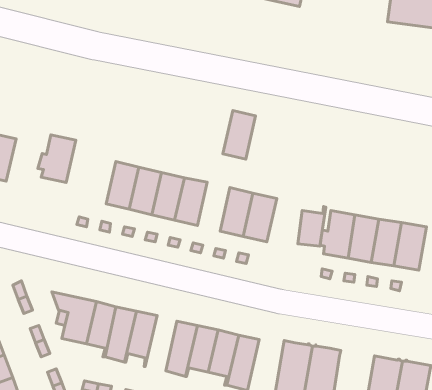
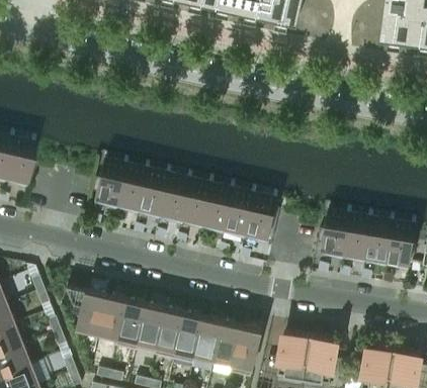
building: [223,110,256,159] -> [203,183,234,228]
building: [38,135,76,183] -> [92,159,127,203]
building: [298,207,326,246] -> none
building: none -> [155,307,184,359]

